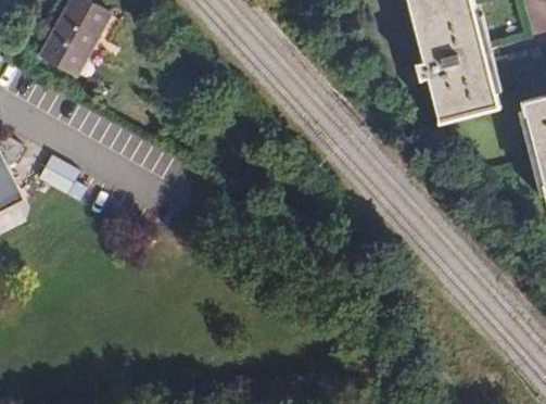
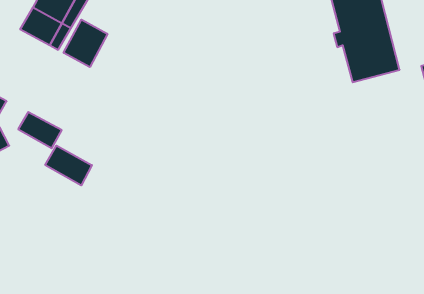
building: none -> [64,20,107,67]
building: none -> [45,146,92,185]

